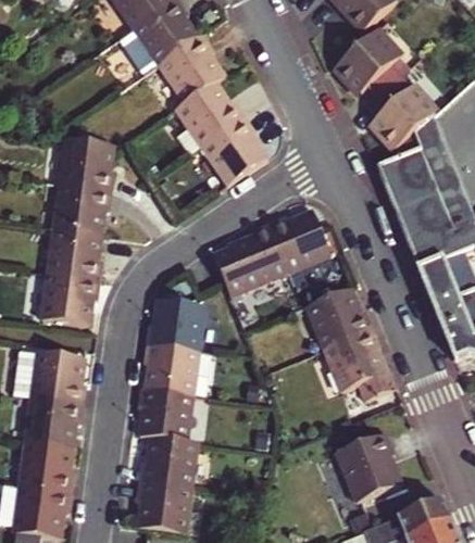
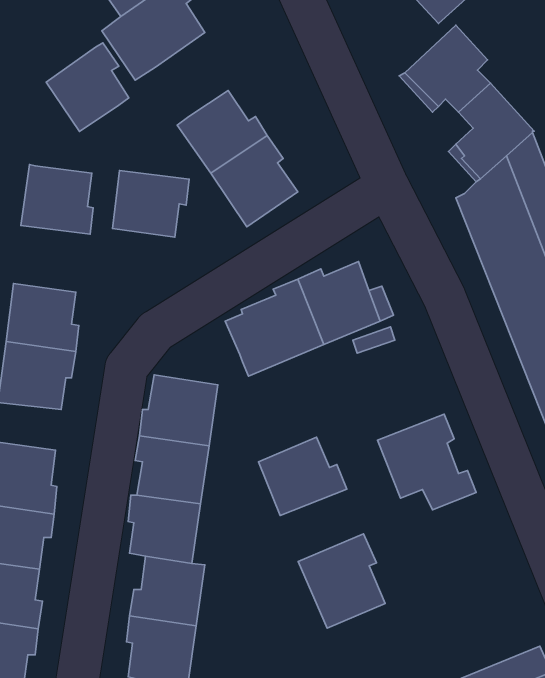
building: [158,39,220,105] -> [46,43,129,131]
building: [51,187,109,237] -> [112,170,189,237]
building: [308,289,374,348] -> [258,437,347,515]
building: [339,430,404,501] -> [298,534,385,628]

